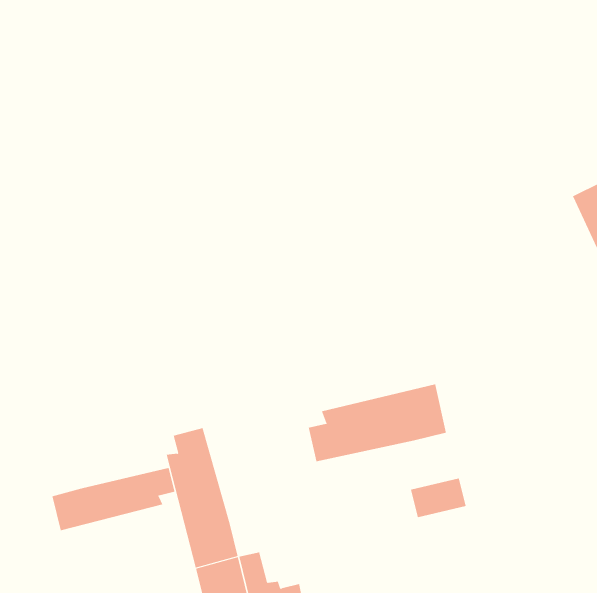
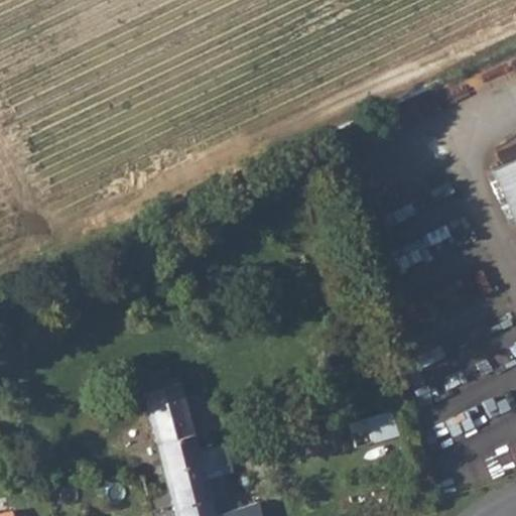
building: [308,384,447,462] -> none
building: [52,467,175,531] -> none

